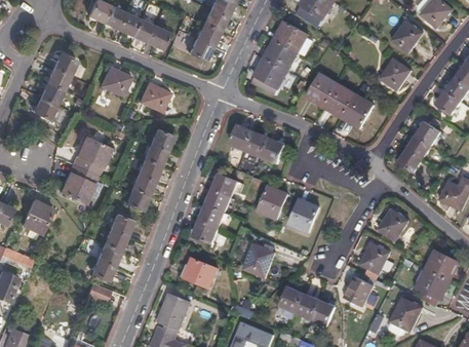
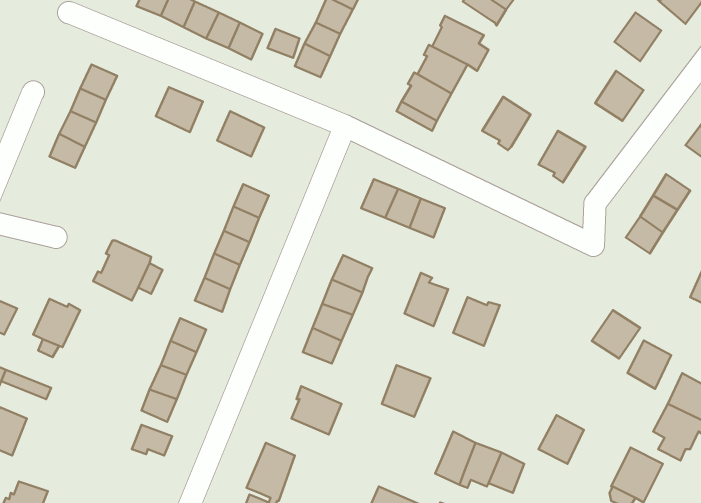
building: [326,84,356,117] -> none
building: [75,137,111,175] -> none
building: [361,242,389,273] -> [628,340,671,389]

